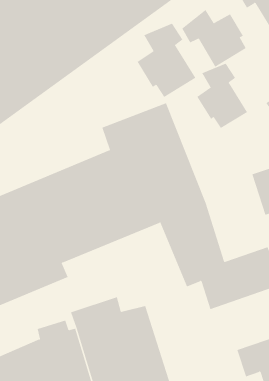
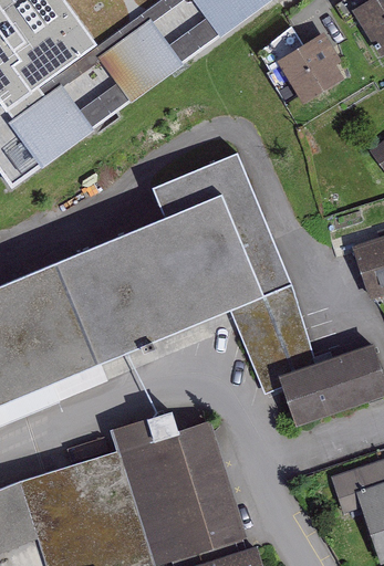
building: [137,23,196,98] -> none
building: [197,63,248,129] -> none

